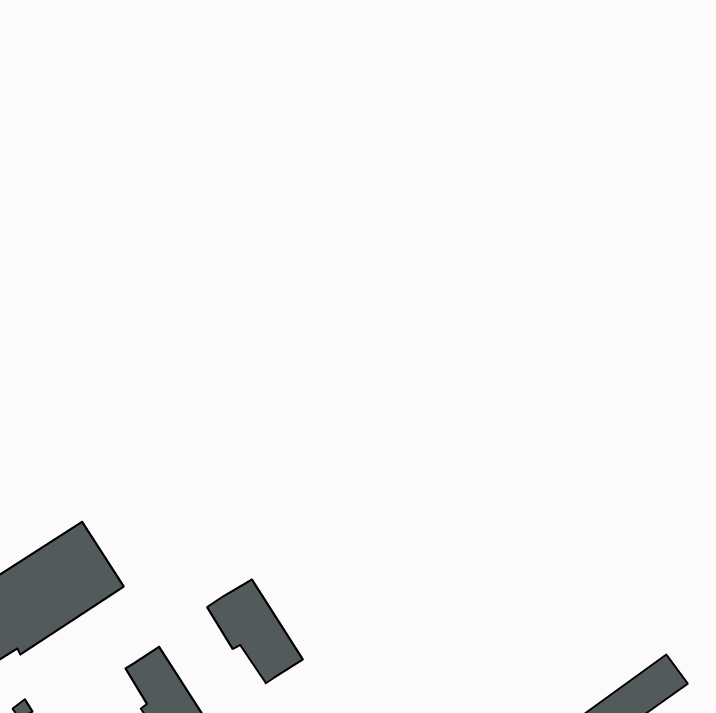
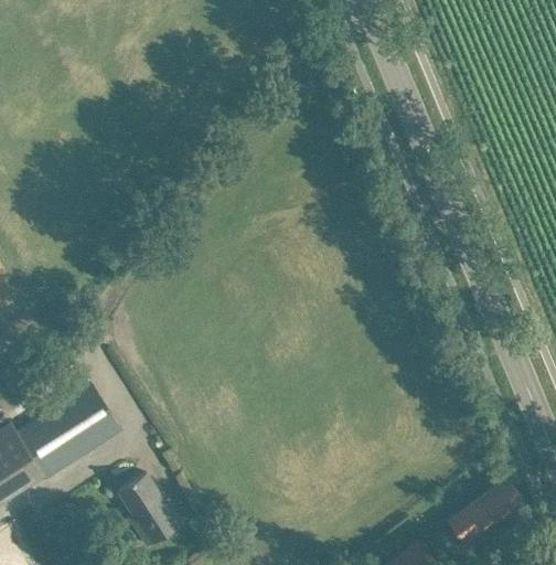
building: [207,579,303,683] -> none

